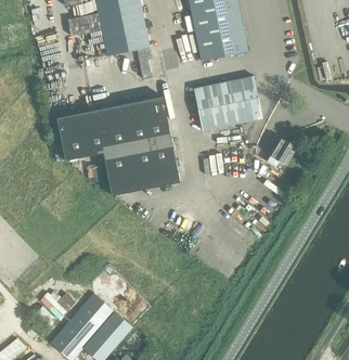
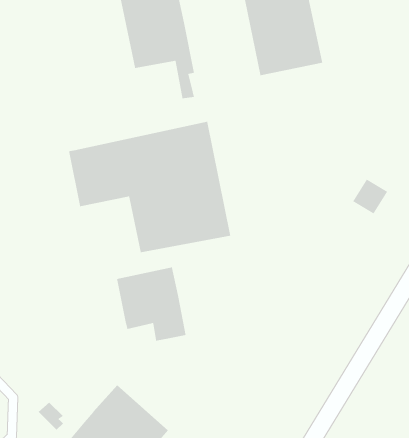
building: [194,76,262,131] -> none
building: none -> [116,267,187,342]

